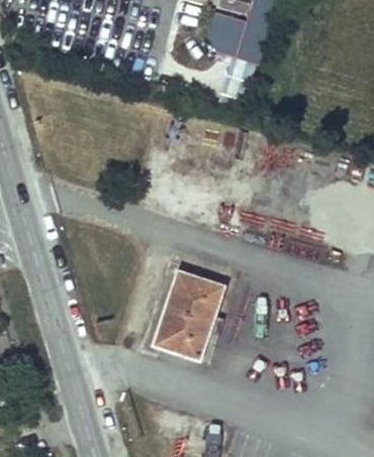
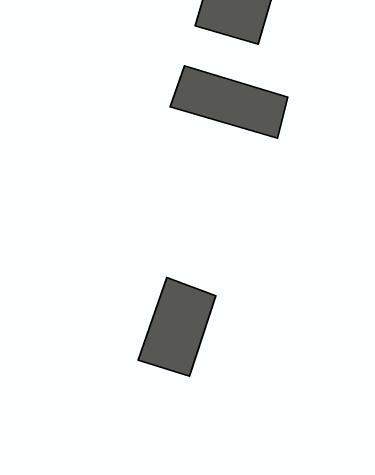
building: none -> [170,66,288,138]

